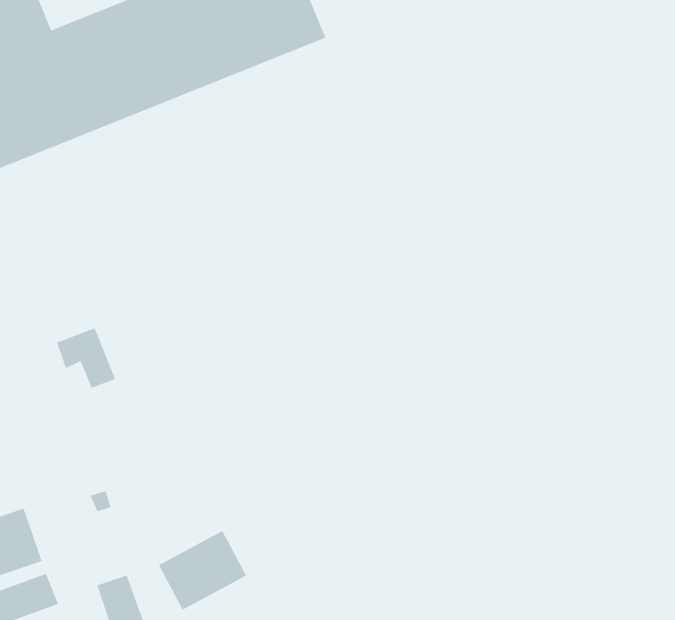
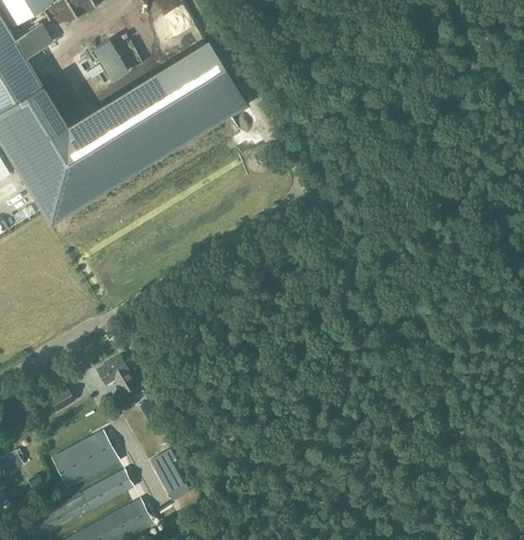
building: [56,327,116,389] -> [98,354,139,392]
building: [158,530,247,610] -> none

